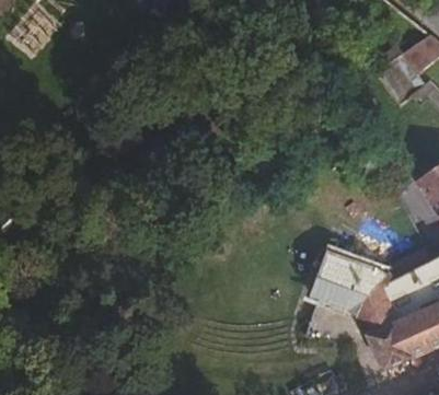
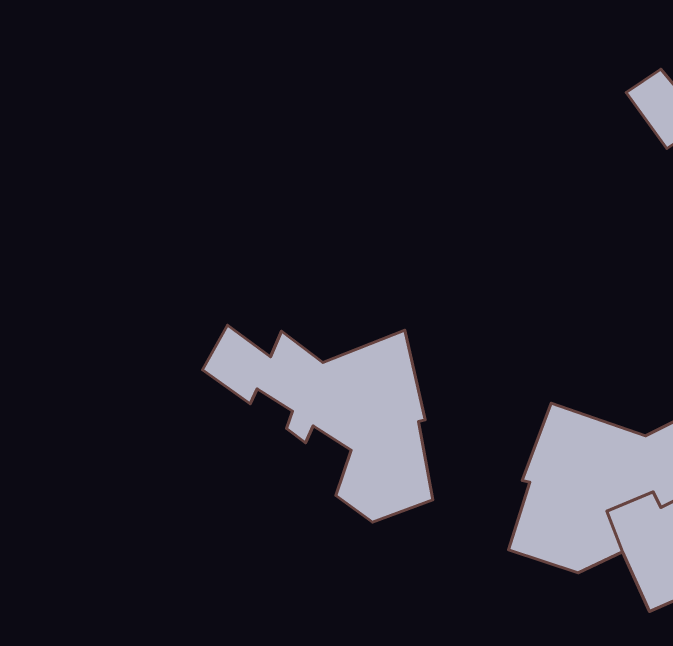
building: none -> [202,325,433,522]

